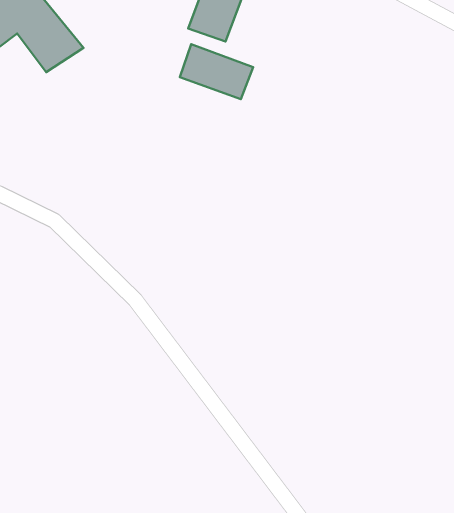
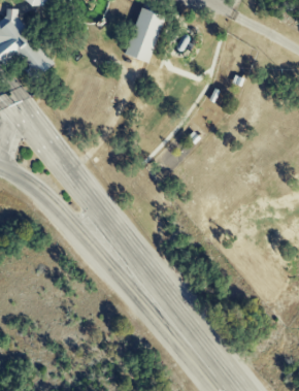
building: [180,44,253,99] -> none

